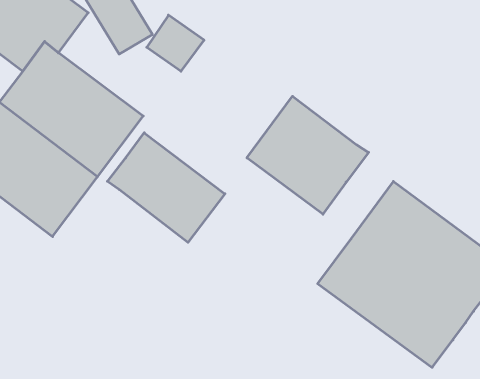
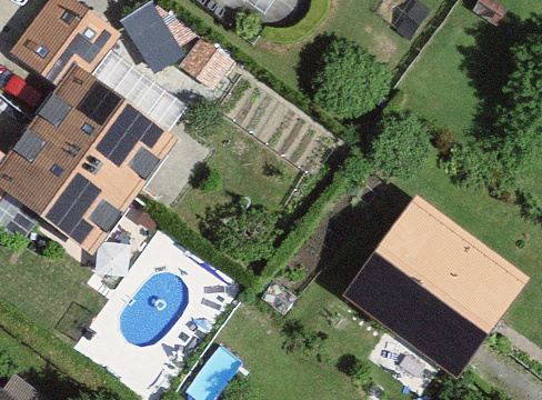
building: [247,96,369,214] -> none
building: [107,133,225,242] -> none

